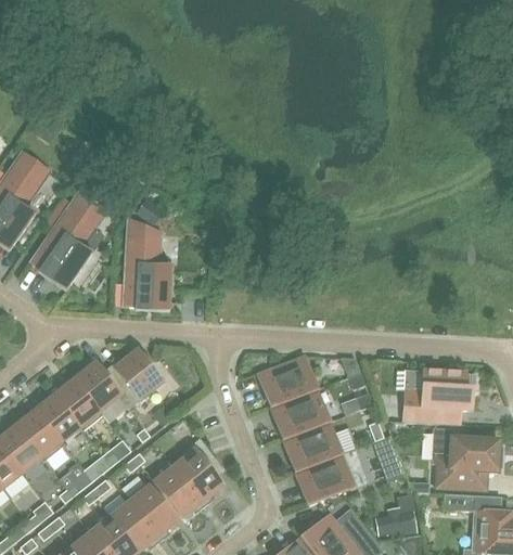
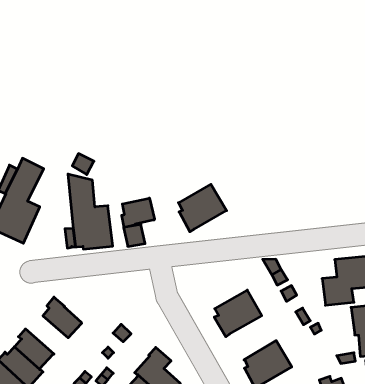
building: none -> [122,198,155,227]
building: [101,351,165,409] -> none
building: [261,356,317,406] -> [178,184,227,232]
building: [52,379,102,430] -> none
building: [286,422,341,472] -> none

